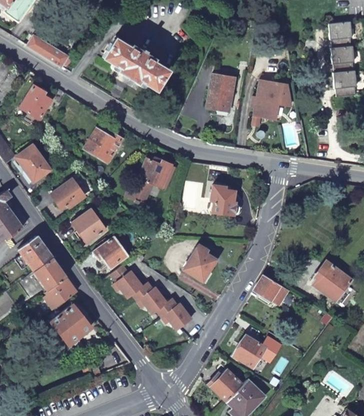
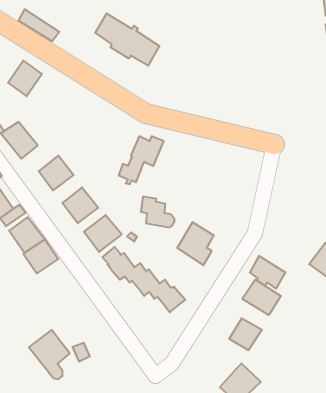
building: [207,73,236,115] -> none
building: [255,80,292,119] -> none
building: [84,129,122,161] -> none
building: [209,185,242,215] -> [141,197,175,227]
building: [43,278,78,310] -> none
building: none -> [242,280,281,315]
building: [51,304,91,352] -> [29,330,70,379]
building: [208,368,242,403] -> none

